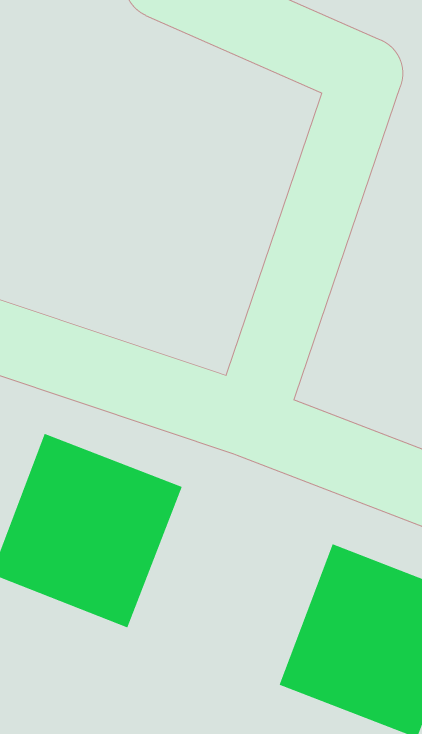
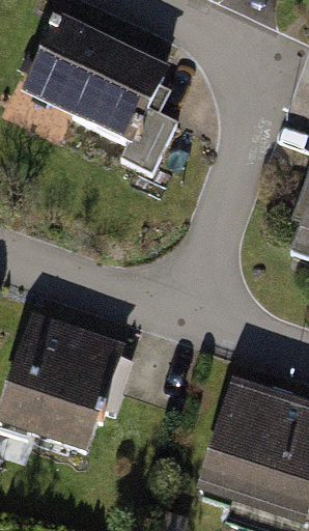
building: none -> [19,17,167,150]

